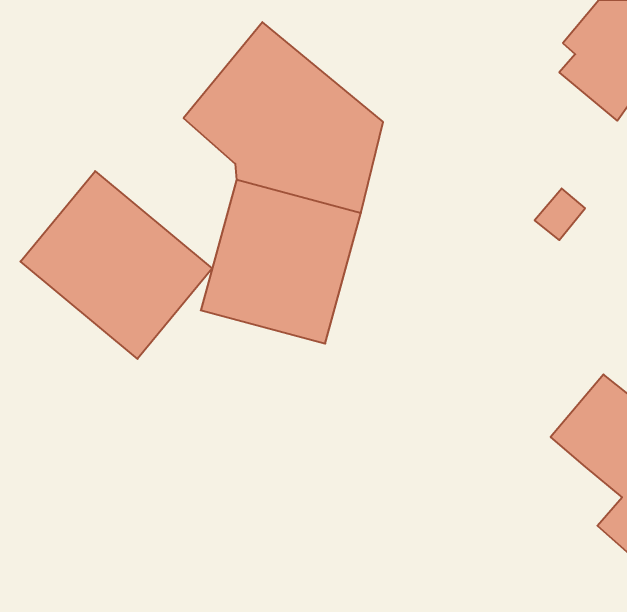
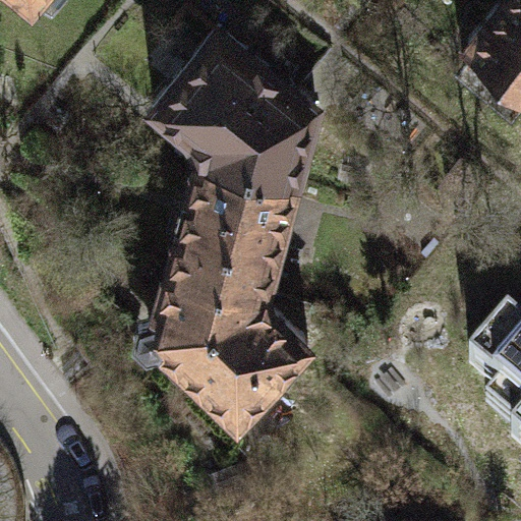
building: [20,171,212,359] -> none
building: none -> [134,271,309,426]

